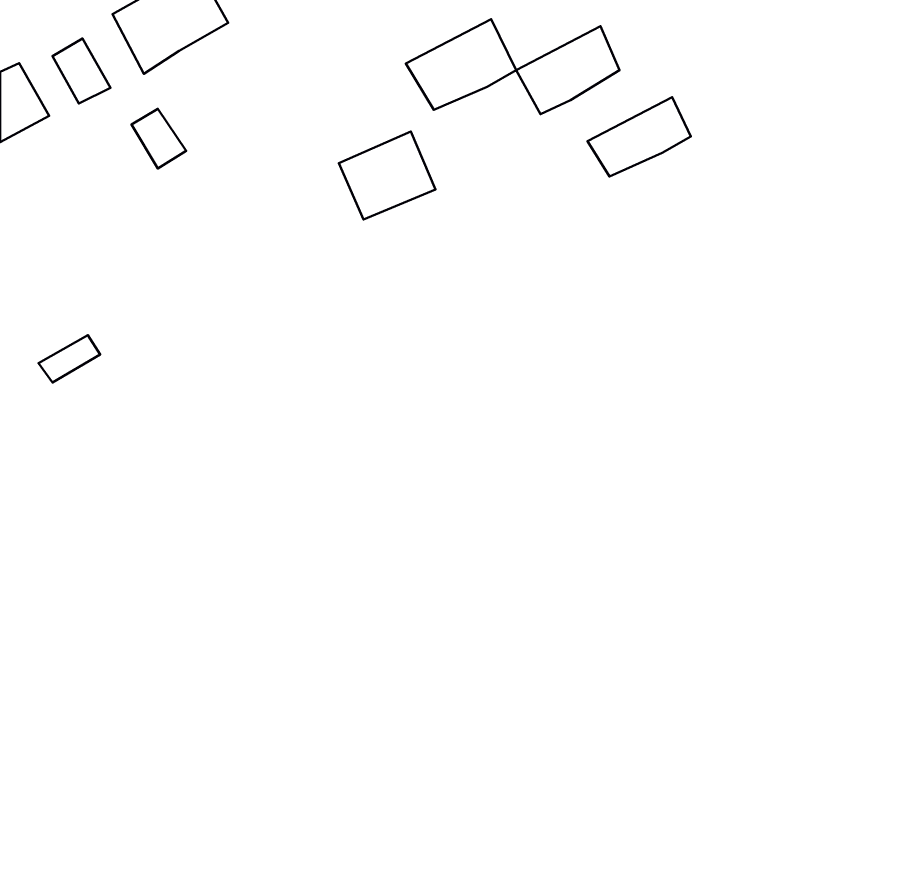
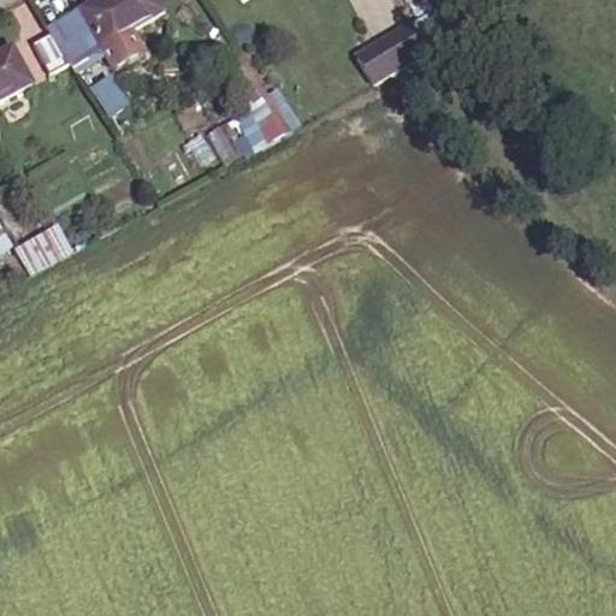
building: none -> [54,10,135,71]
building: [406,19,516,110] -> none
building: [587,97,691,177] -> none

